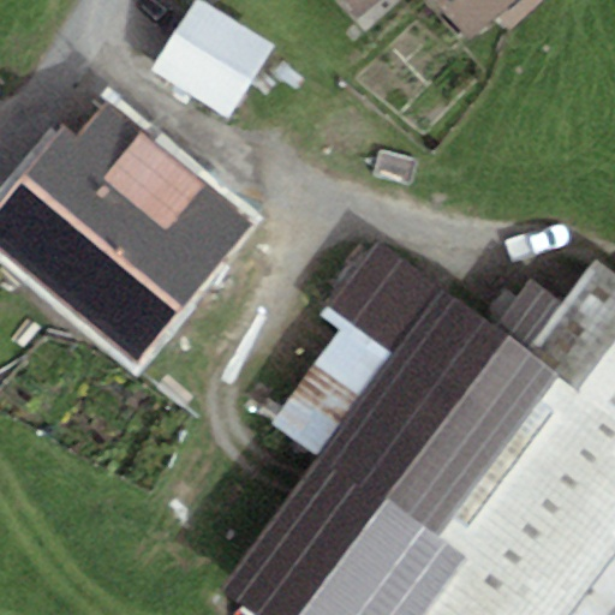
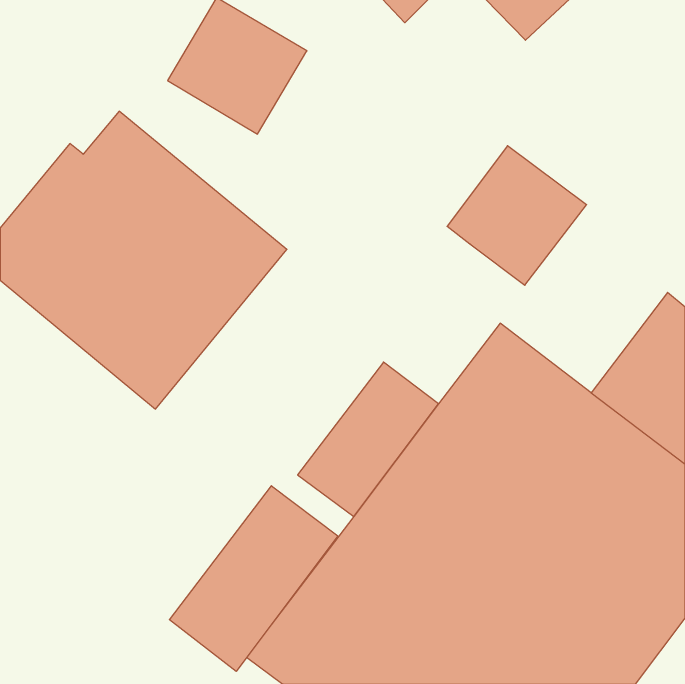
building: [323,237,448,362] -> [447,146,587,285]
building: none -> [169,486,338,671]

